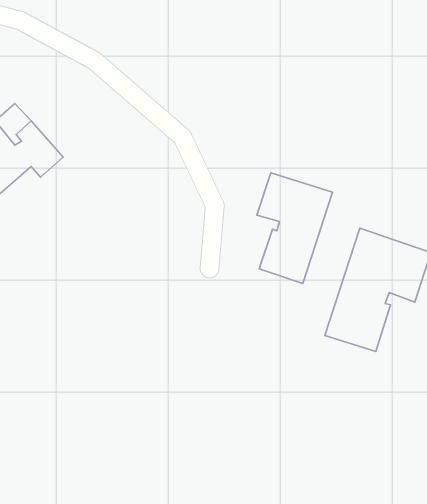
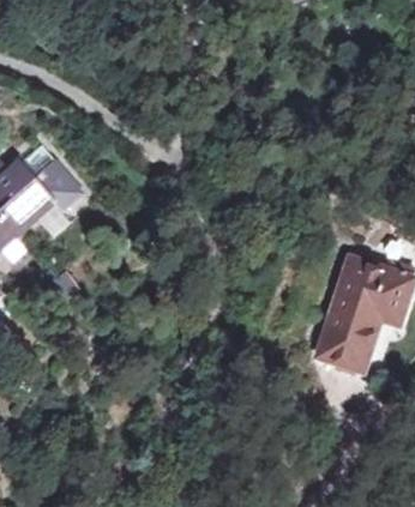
building: [257,173,332,283] -> none

